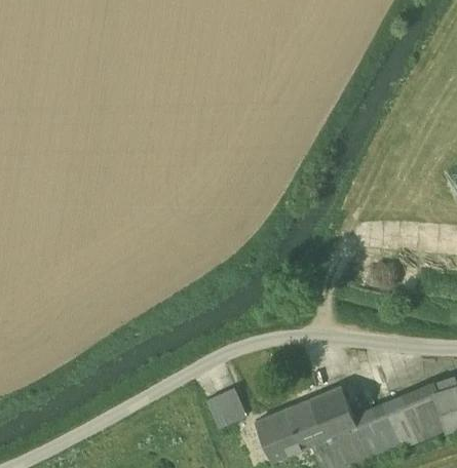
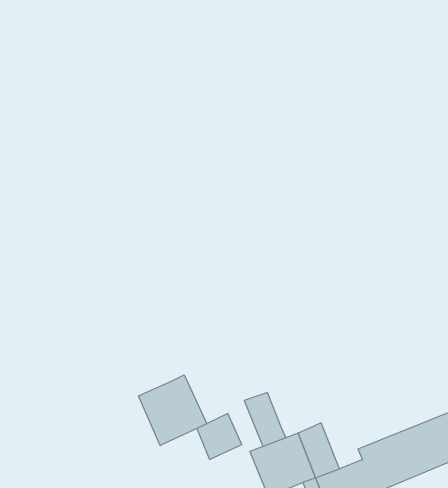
building: none -> [138,375,207,446]
building: [319,388,356,436] -> [244,393,286,447]

